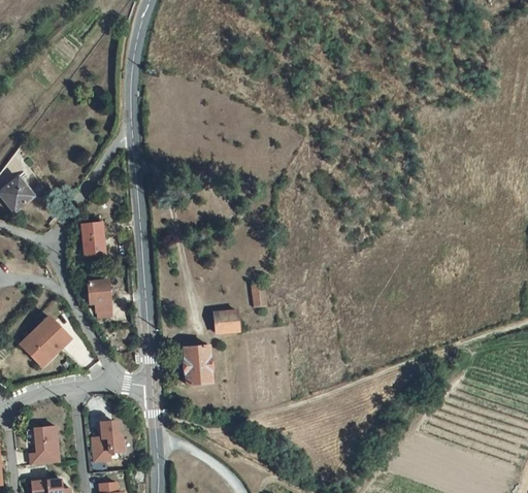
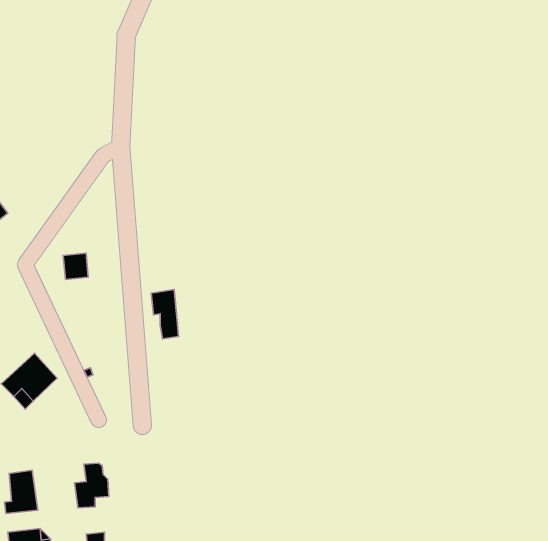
building: [86,278,110,323] -> [151,290,179,339]
building: [213,309,238,331] -> none
building: [184,344,210,382] -> none

